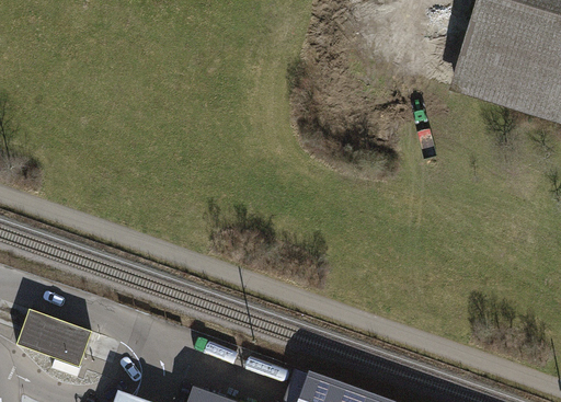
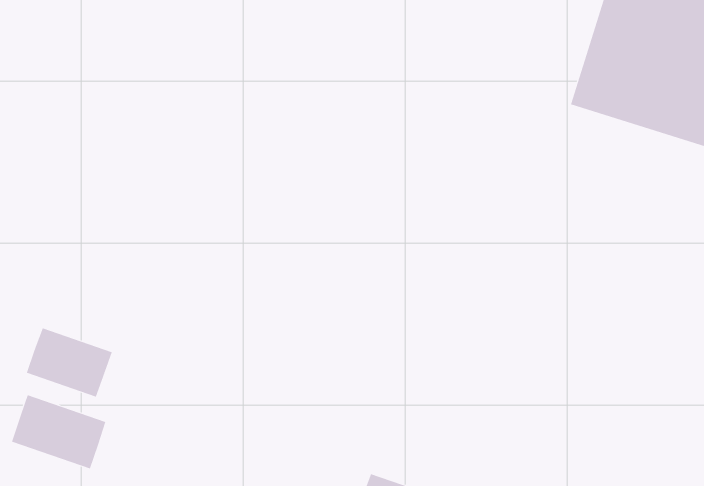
building: none -> [26,328,113,397]

